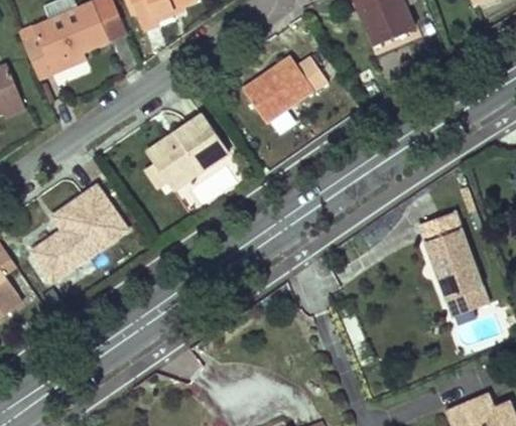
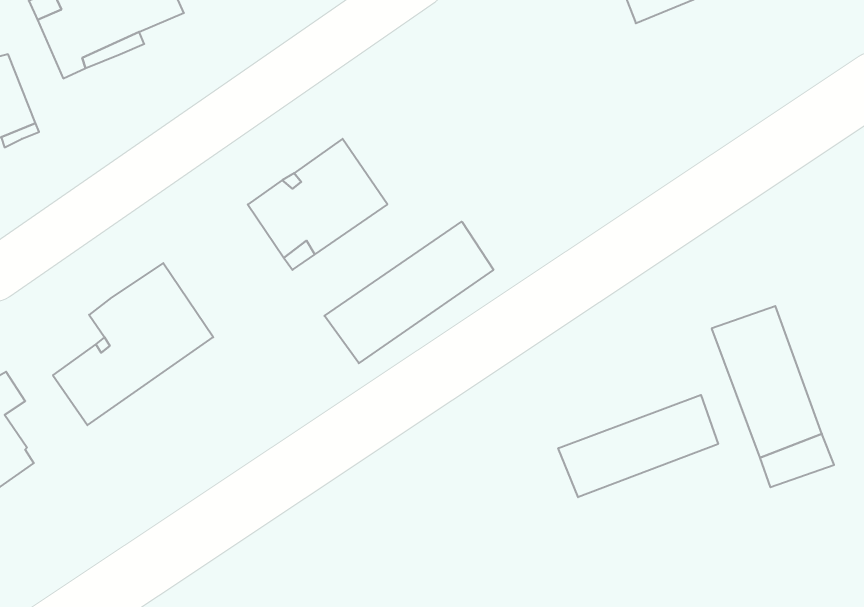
building: [241,54,328,123] -> none
building: none -> [324,222,493,363]
building: none -> [558,395,718,497]

